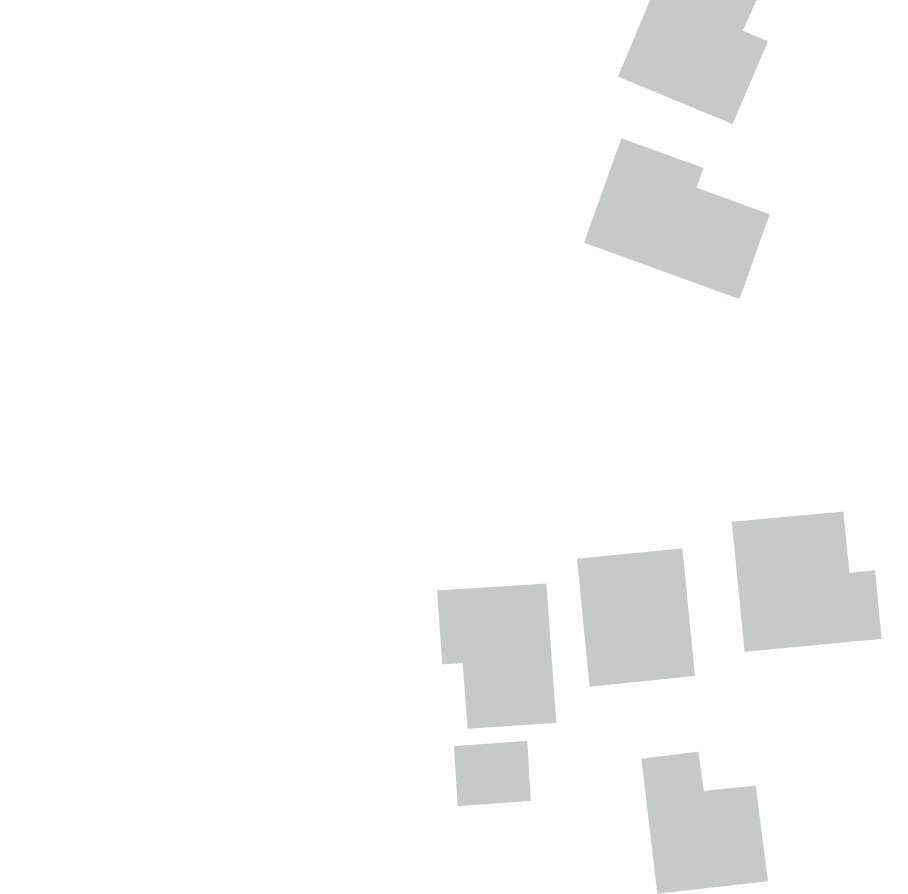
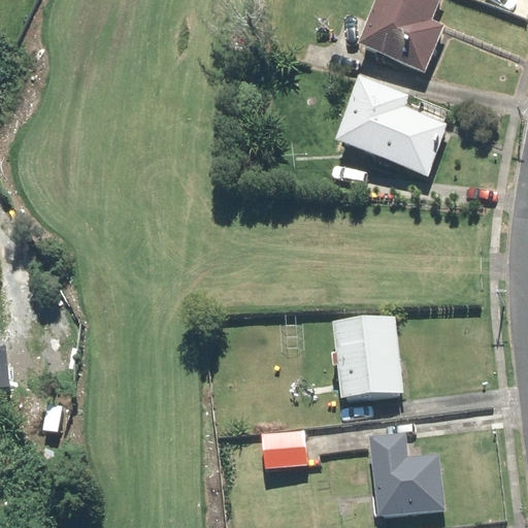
building: [731,511,882,652] -> none
building: [437,583,557,729] -> none

